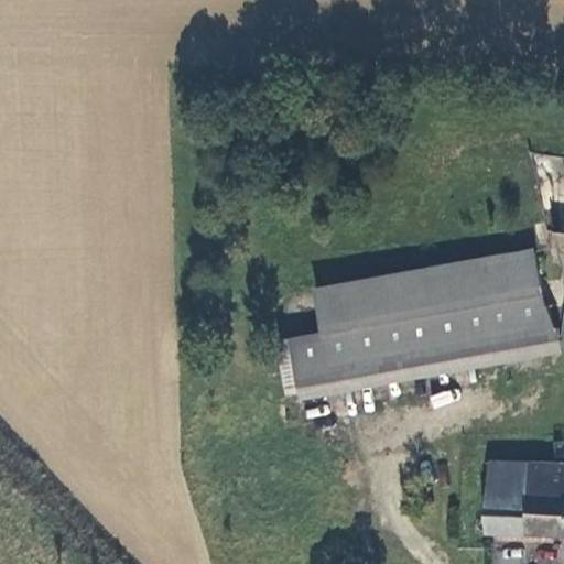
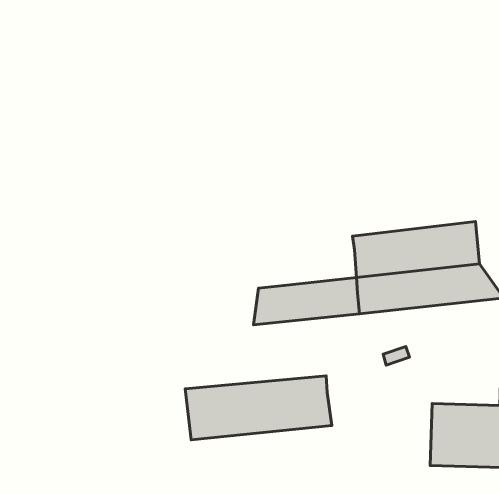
building: [318,274,403,329] -> none
building: none -> [185,376,332,440]

